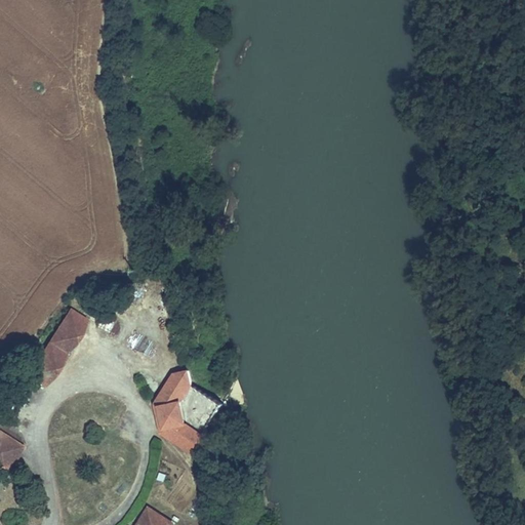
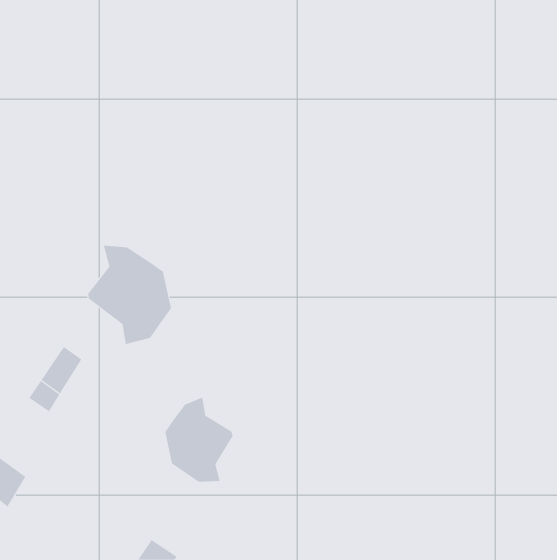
building: none -> [88,245,171,345]
building: [59,309,87,336] -> none

